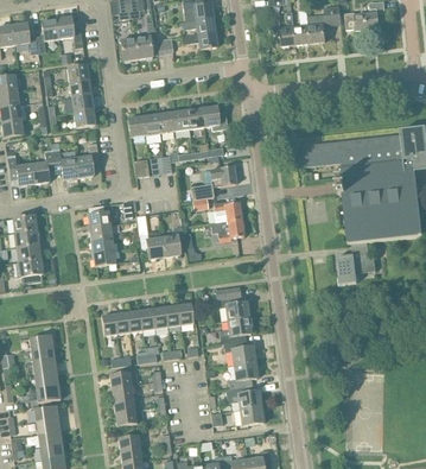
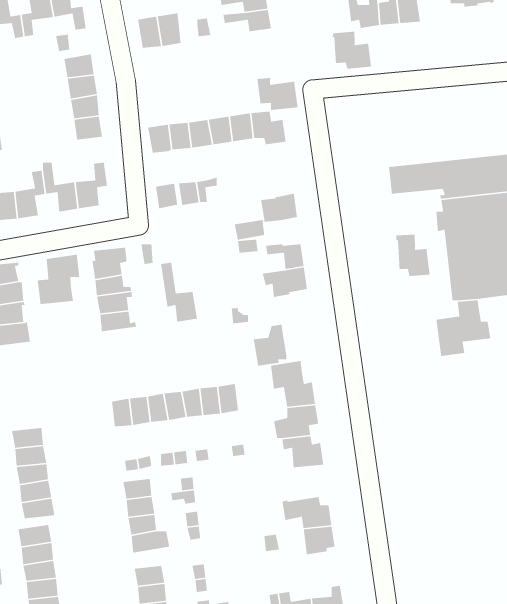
building: none -> [332,31,372,70]
building: none -> [256,77,299,111]
building: none -> [395,234,430,277]
building: none -> [37,254,80,305]
building: [160,226,185,256] -> [253,324,287,367]
building: [228,362,257,388] -> none

